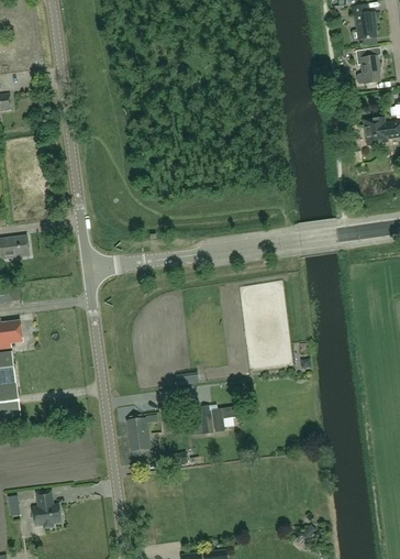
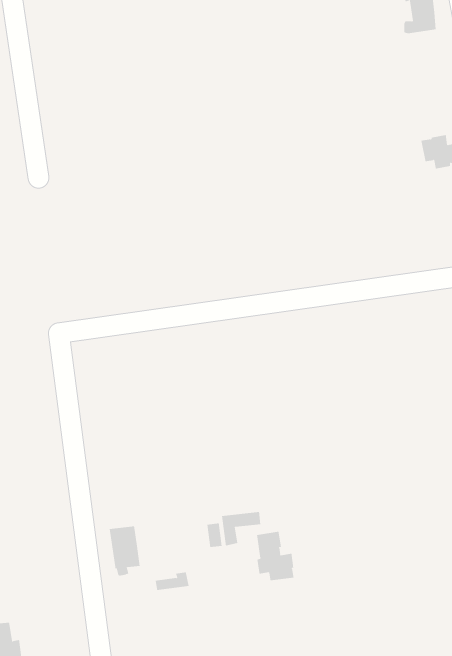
building: [356,48,380,84] -> none
building: none -> [256,531,294,581]

